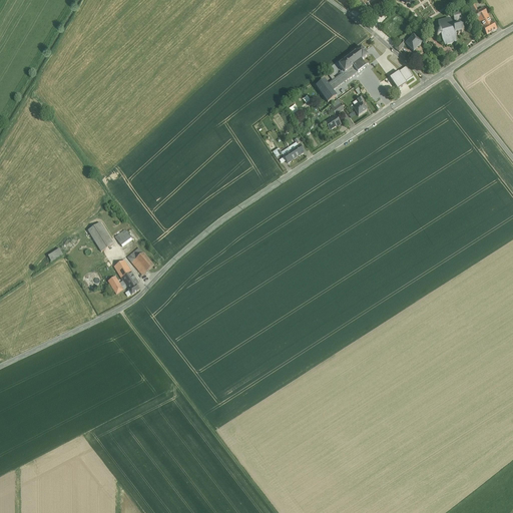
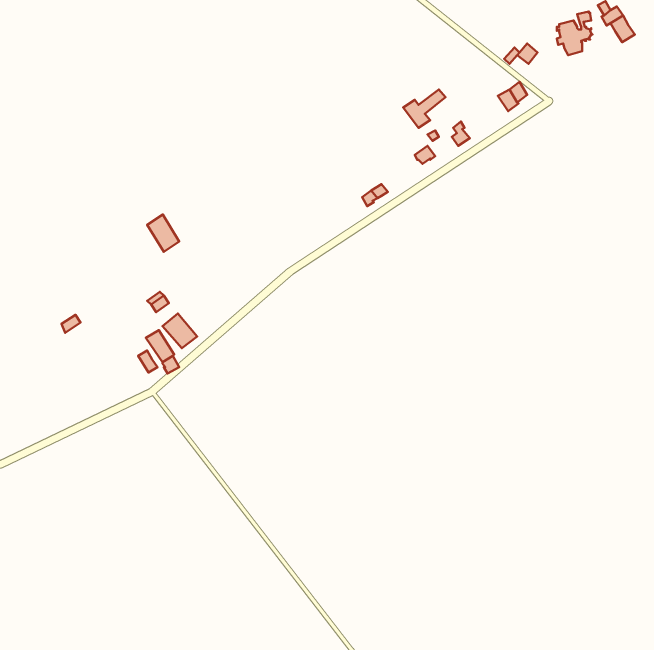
building: [339,45,368,76] -> none
building: [88,220,113,249] -> [147,215,179,252]

